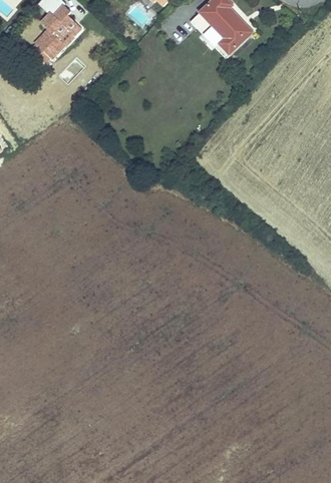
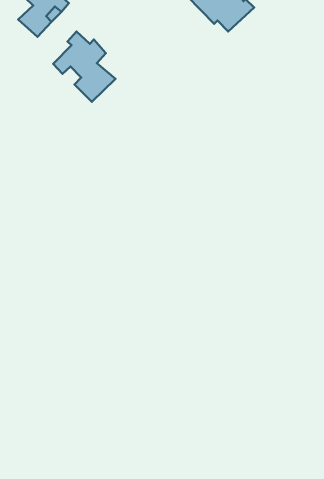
building: none -> [53,32,115,102]

